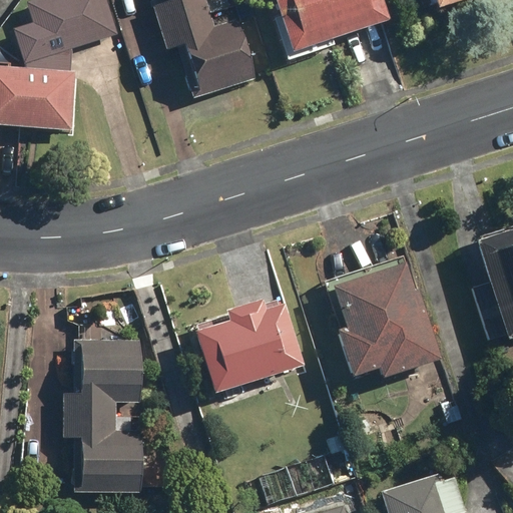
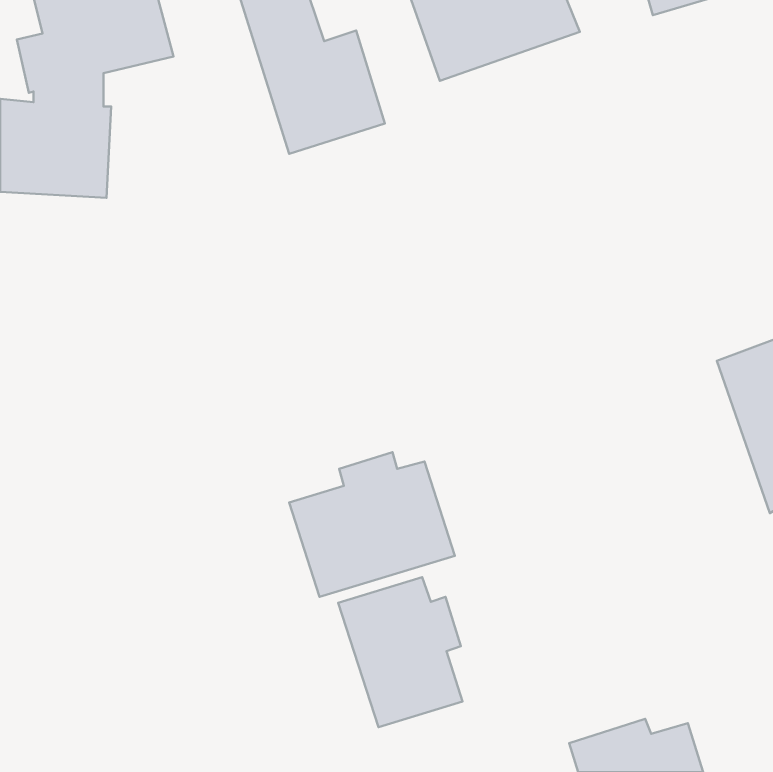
building: [332,256,439,378] -> none
building: [69,337,141,491] -> none
building: none -> [338,577,463,727]

